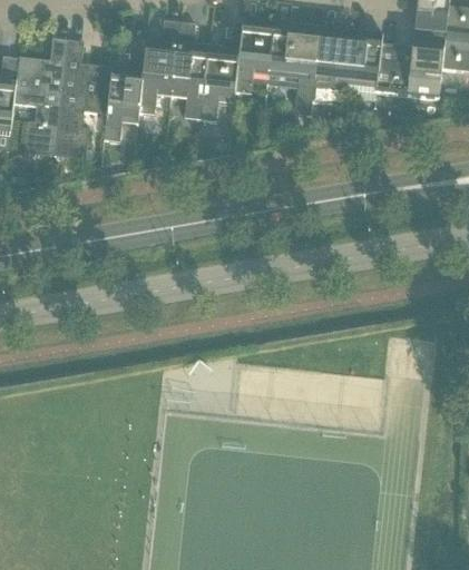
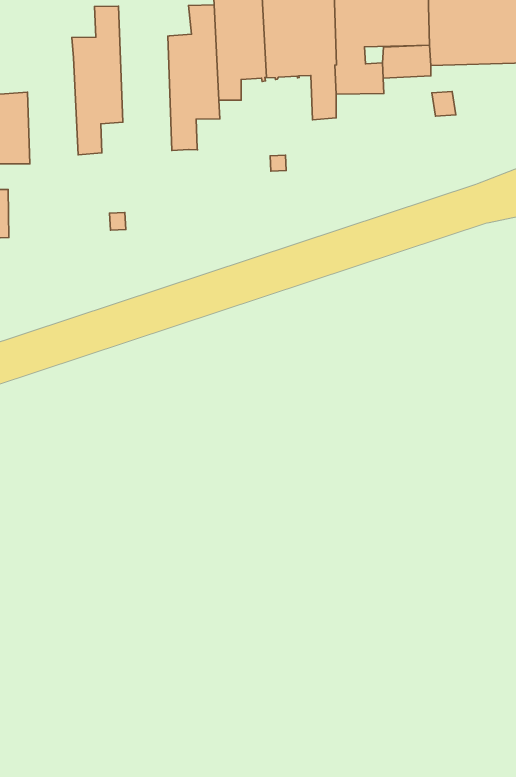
building: [170,22,208,120] -> none
building: [104,48,145,142] -> none

